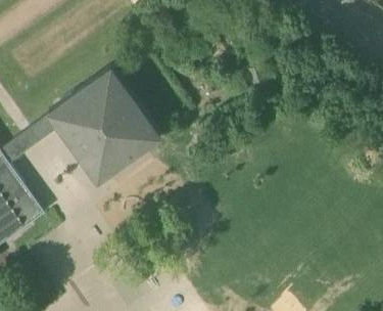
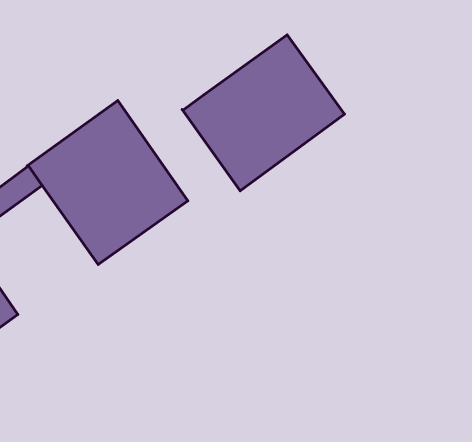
building: none -> [182,35,344,191]

